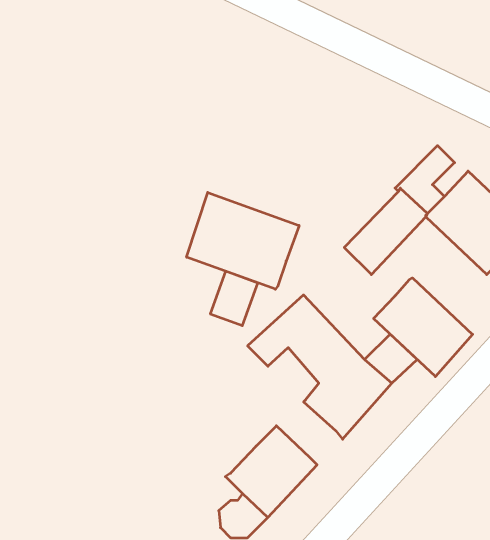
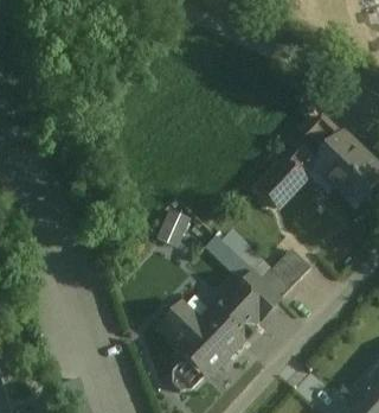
building: [187,192,299,289] -> none
building: [374,278,473,377] -> none
building: none -> [210,293,251,335]
building: none -> [158,305,195,345]

